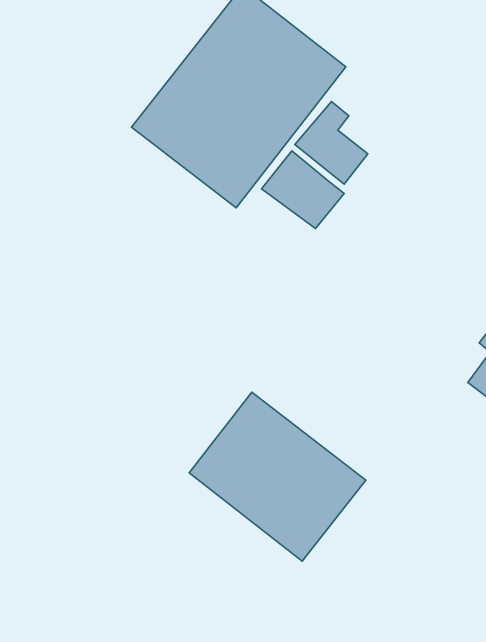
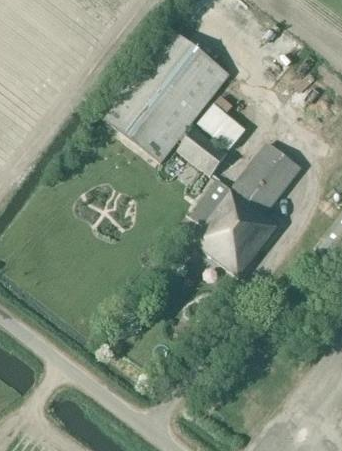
building: none -> [187,141,303,277]
building: [189,392,366,561] -> none

